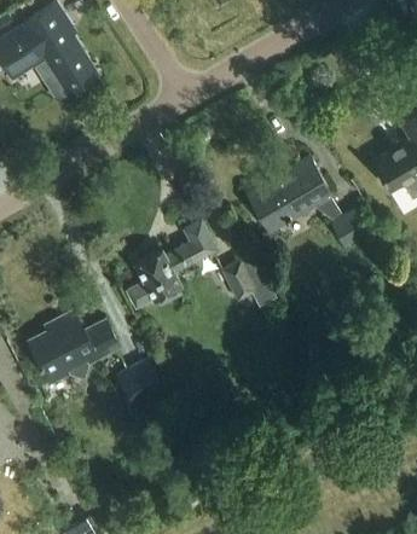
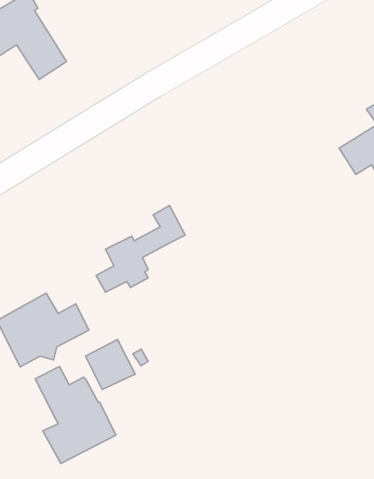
building: [248,156,377,245] -> none
building: [222,257,267,302] -> none
building: none -> [35,366,116,464]

